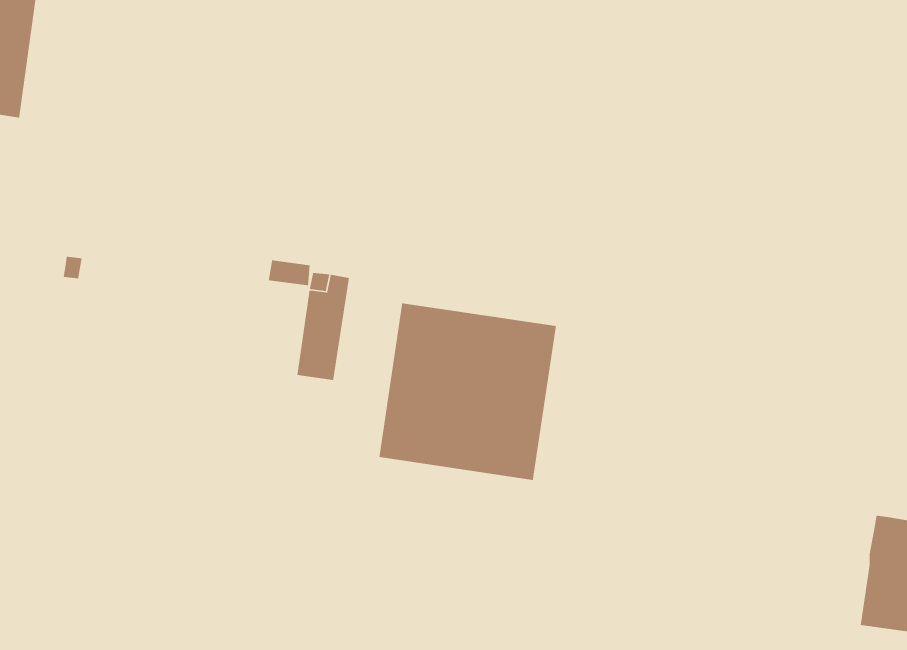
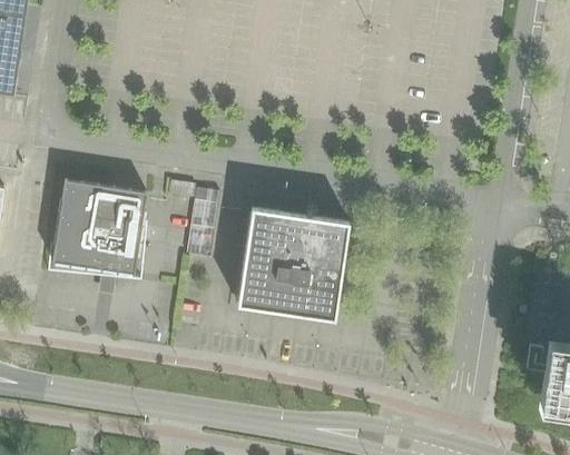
building: none -> [52,181,146,275]

